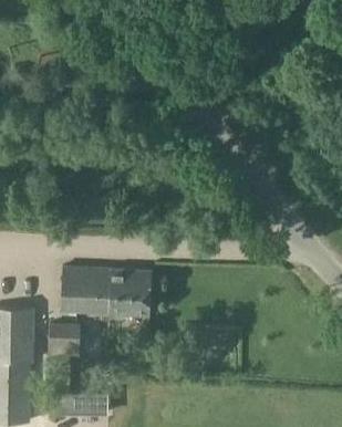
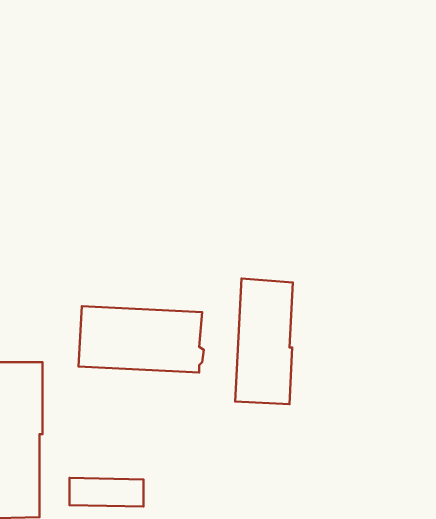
building: none -> [235,279,293,404]
building: [50,323,81,354] -> none

